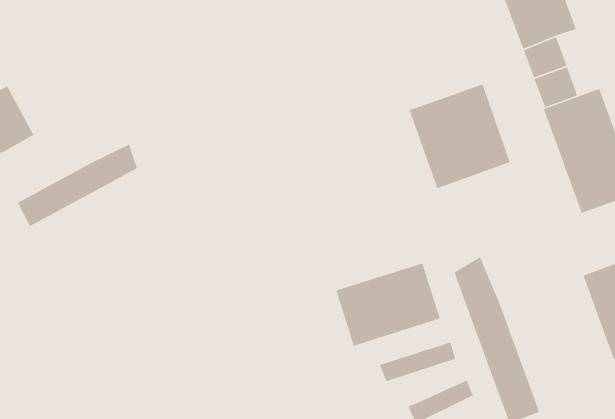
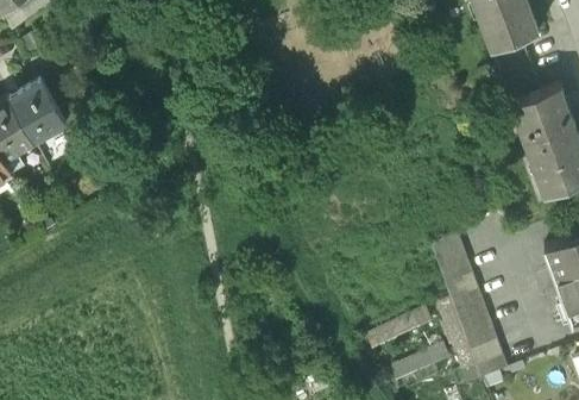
building: [408,84,511,189] -> none
building: [17,144,138,227] -> none
building: [336,263,441,347] -> none

